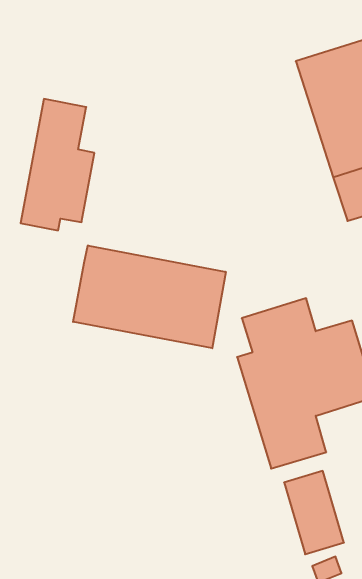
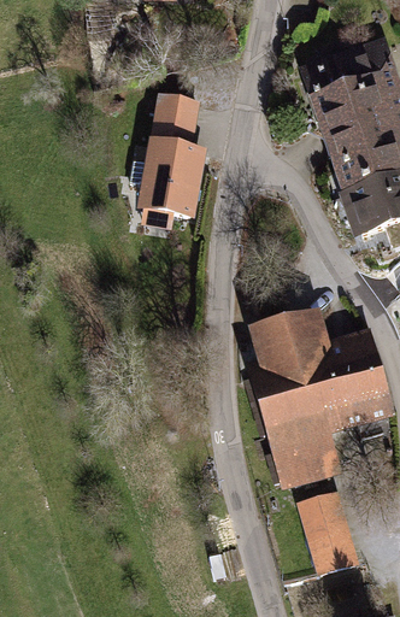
building: [21,99,94,230] -> [131,90,207,225]
building: [73,245,226,348] -> none

